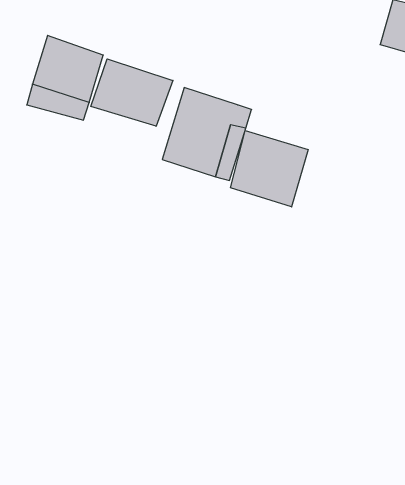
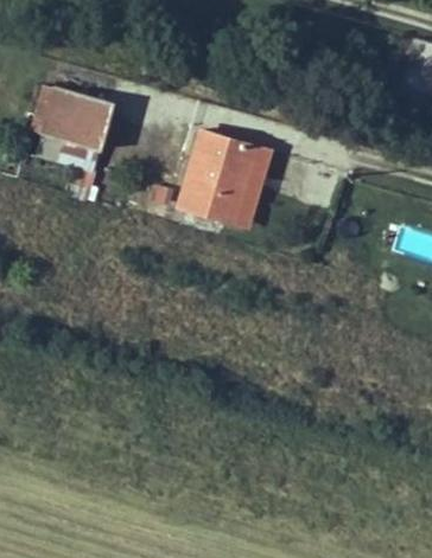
building: [91,59,173,126] -> none
building: [230,130,308,207] -> none

